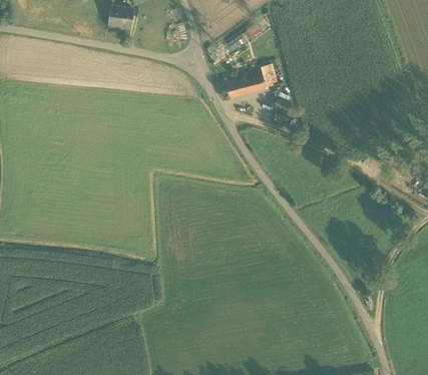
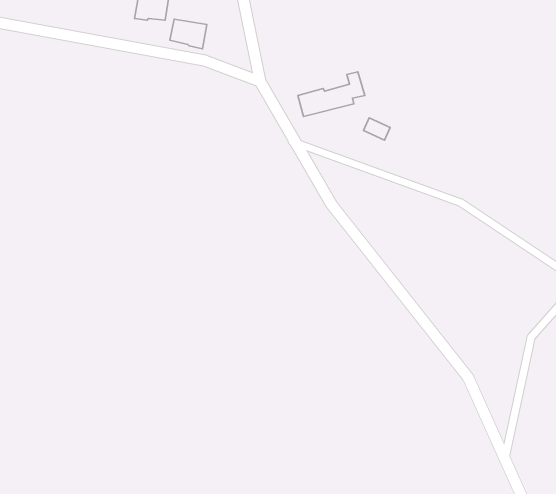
building: none -> [170,19,207,49]

